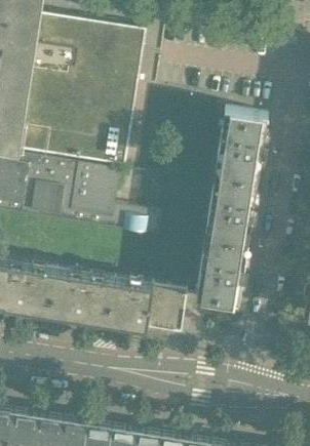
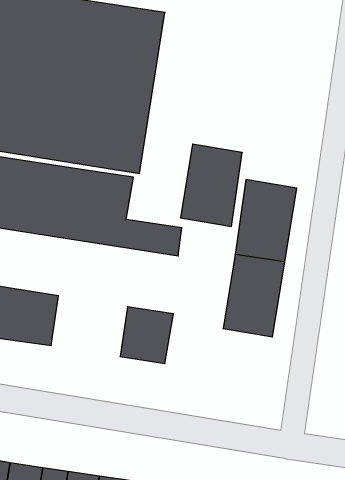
building: [212,113,265,183] -> [181,144,242,226]
building: [47,274,112,325] -> none
building: [144,289,184,336] -> none

